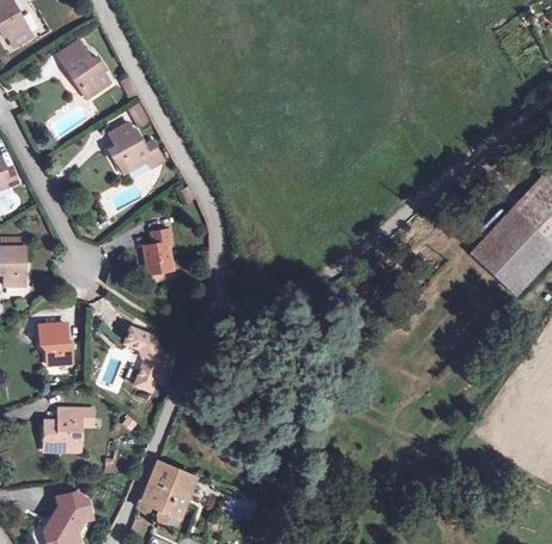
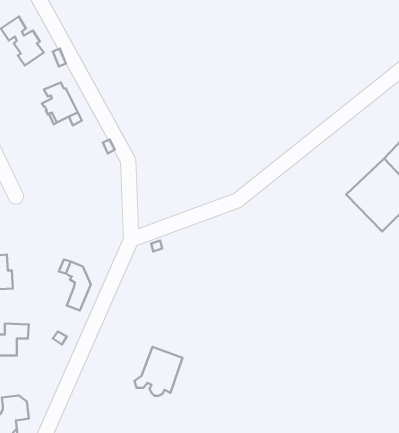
building: [144,229,172,274] -> none
building: [139,464,196,522] -> [134,347,183,396]

